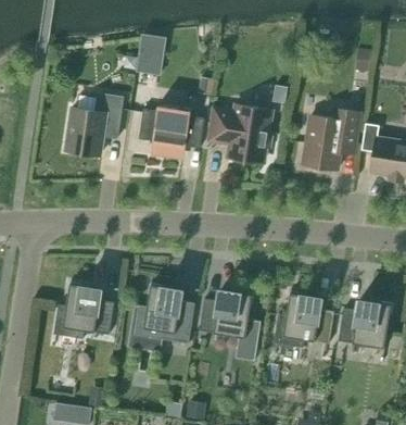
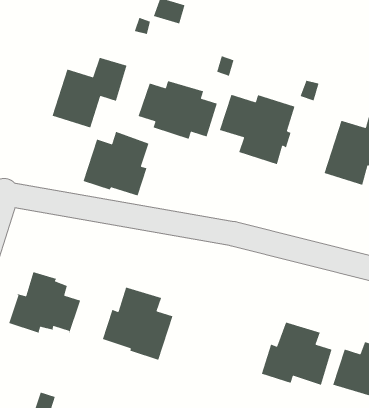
building: none -> [83,131,150,197]
building: [199,289,261,360] -> none

